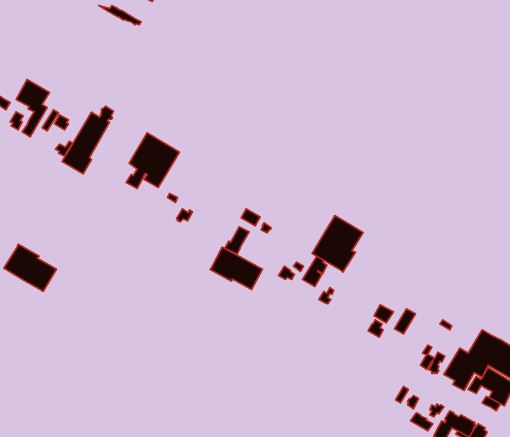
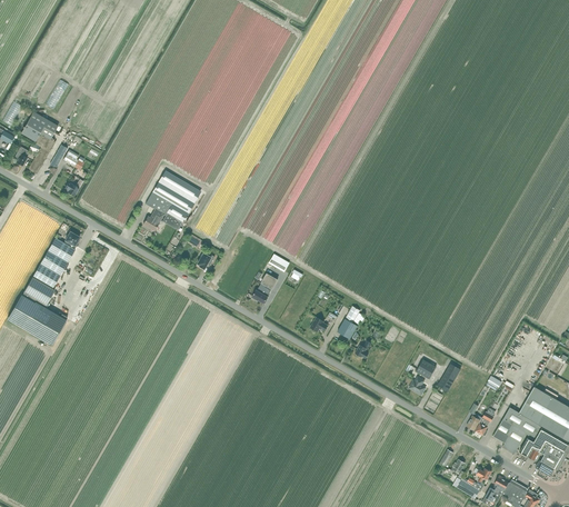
building: [62,106,114,174] -> [23,231,80,306]
building: [312,215,363,272] -> none
building: [210,247,263,290] -> none

